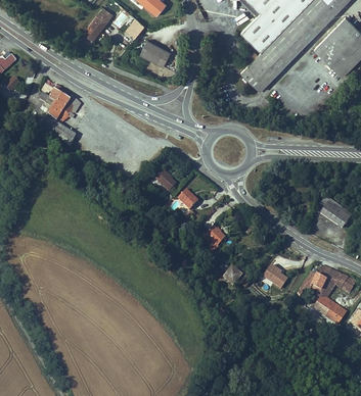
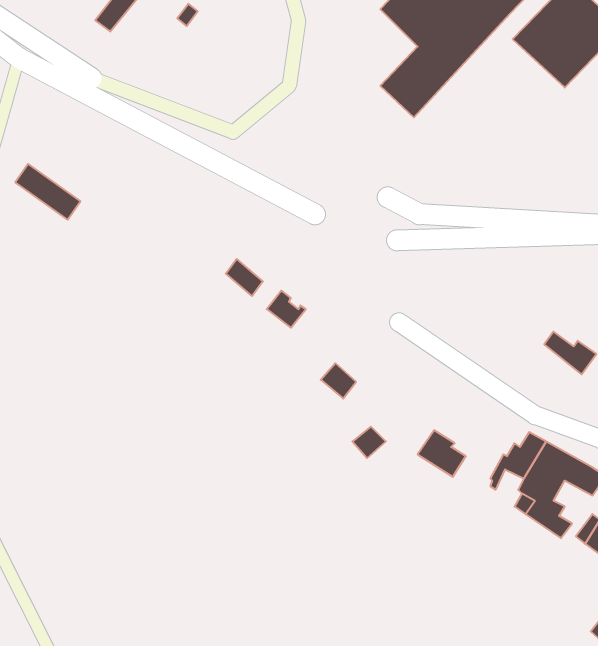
building: [138,40,170,66] -> none
building: [41,88,76,123] -> none

